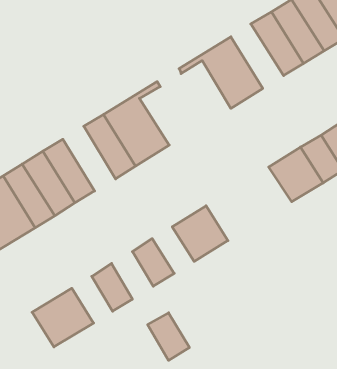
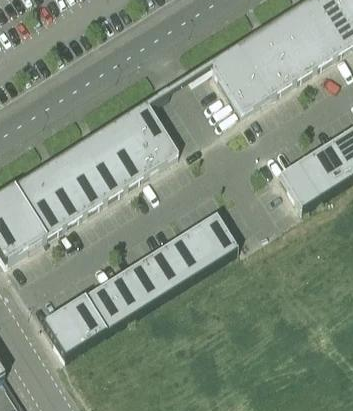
building: none -> [241,29,294,94]
building: none -> [72,132,125,197]
building: none -> [162,233,204,280]
building: none -> [81,283,122,330]
building: [148,313,189,360] -> [121,258,163,306]

